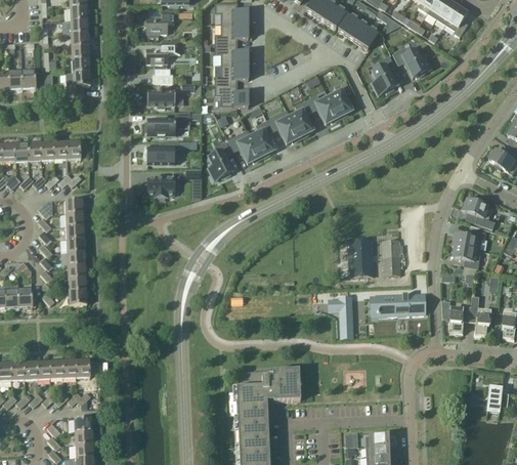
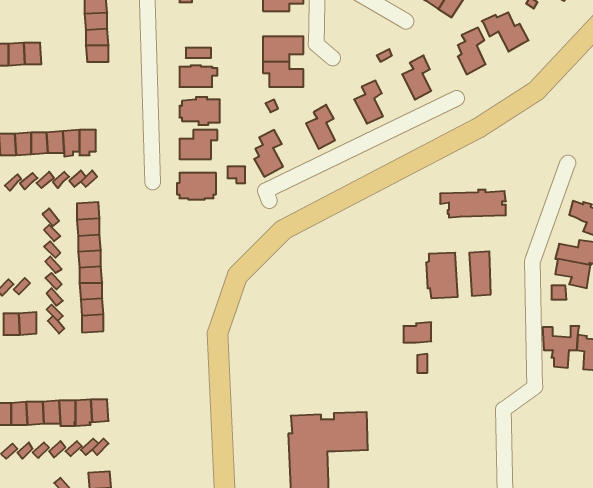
building: [146,41,179,62] -> none
building: [215,44,248,65] -> none
building: [306,94,338,123] -> none
building: [266,115,299,142] -> none
building: [227,134,260,162] -> none
building: [371,293,424,315] -> [440,190,506,218]

